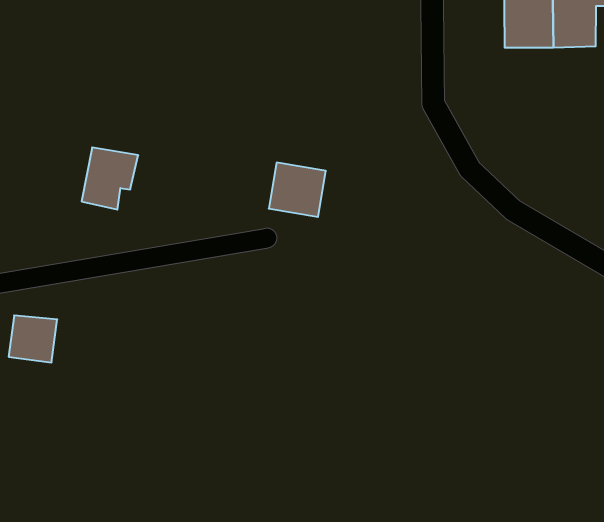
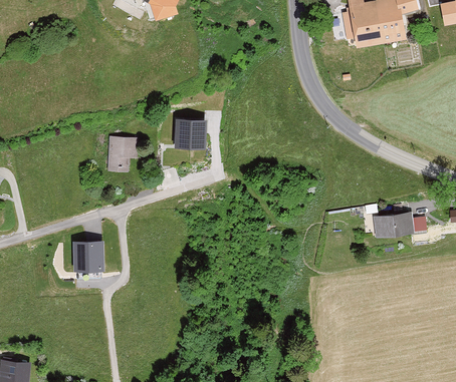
building: [269,163,326,217] -> [176,117,207,146]
building: none -> [376,211,417,235]

